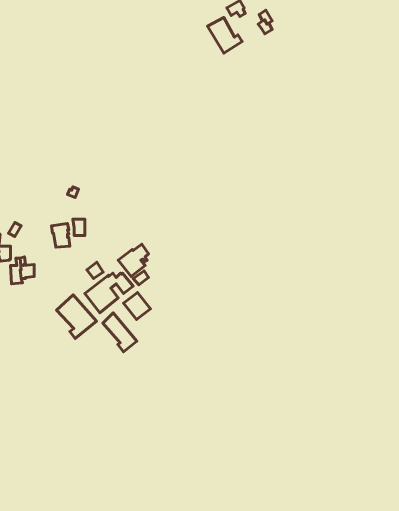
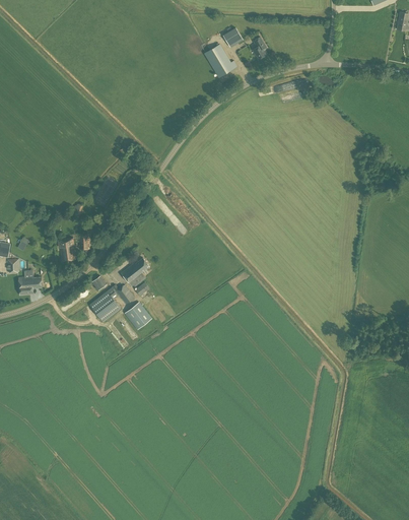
building: [57,295,96,338] -> none
building: [103,313,137,352] -> none

